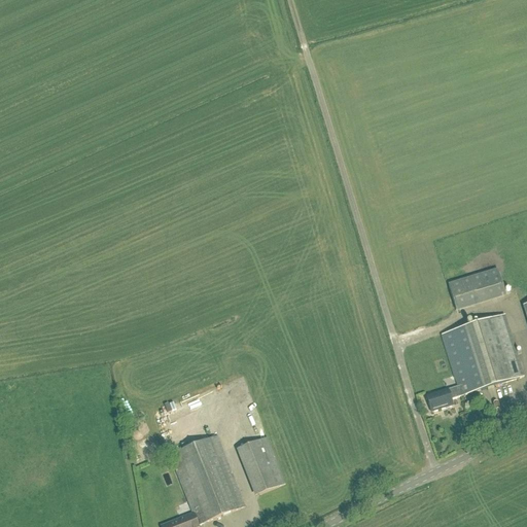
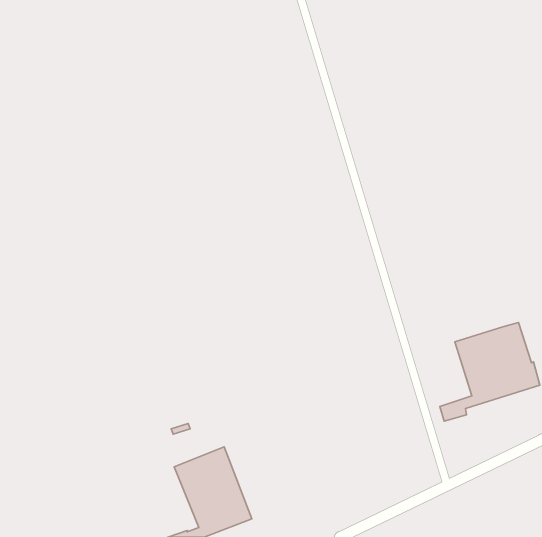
building: [448,266,505,309] -> none
building: [236,434,285,494] -> none

